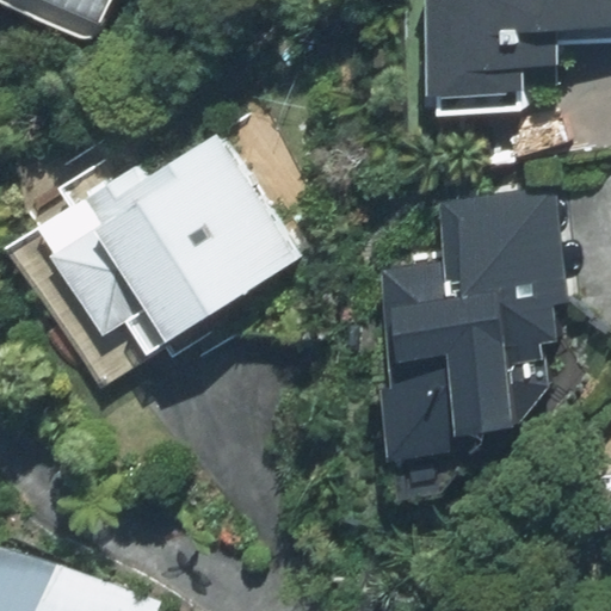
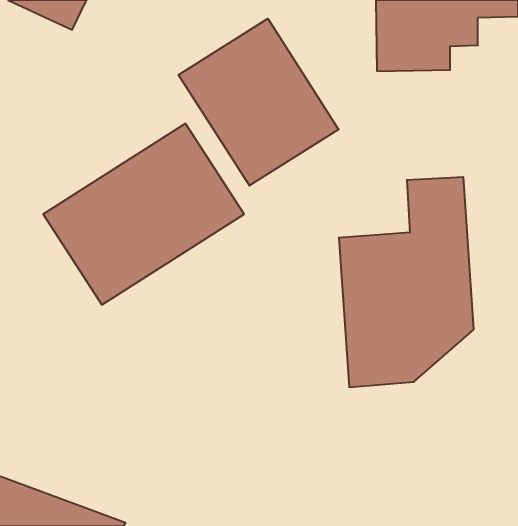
building: none -> [179,19,339,186]

